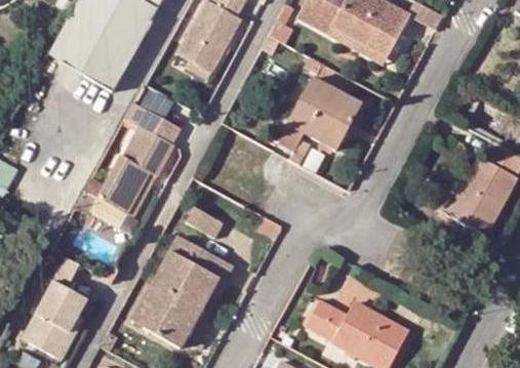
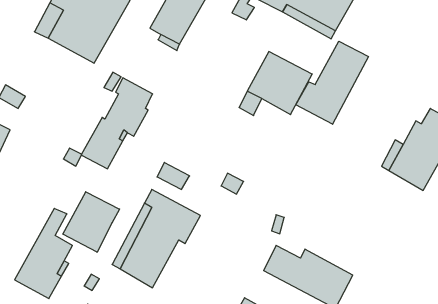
building: none -> [296,41,368,124]
building: none -> [63,192,120,252]

